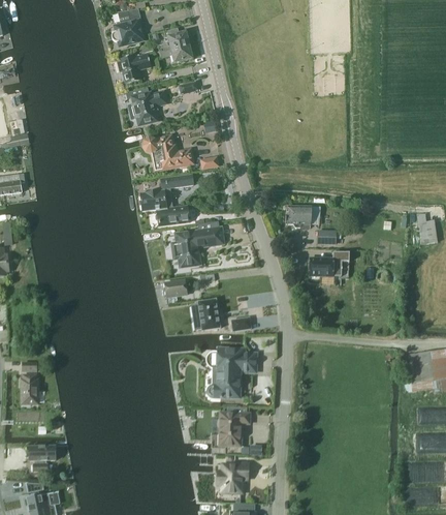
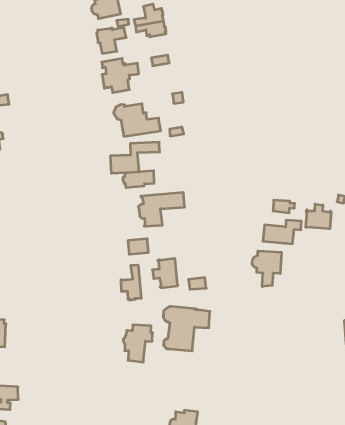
building: [285,206,320,228] -> none
building: none -> [306,204,331,229]
building: none -> [252,251,281,287]
building: none -> [121,265,141,300]
building: [218,406,249,446] -> [123,325,153,362]

